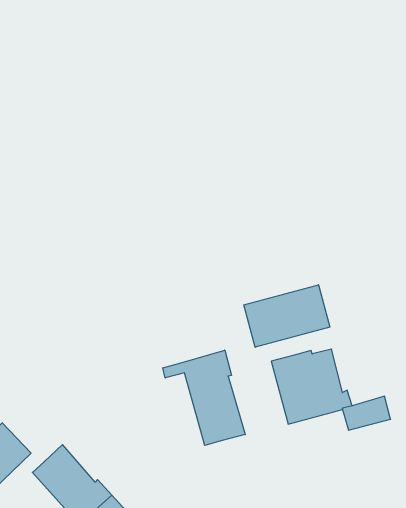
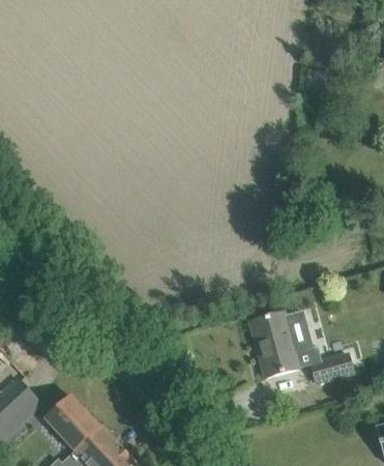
building: [244,285,330,347] -> none
building: [163,350,245,445] -> none

